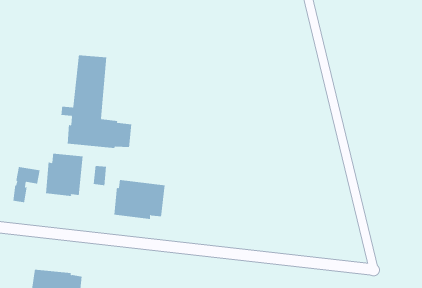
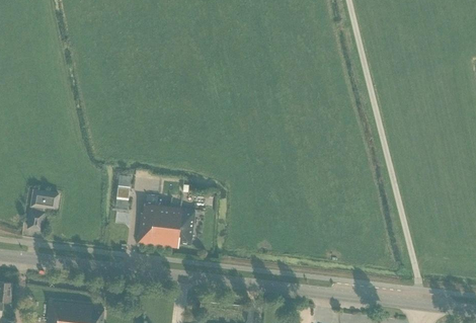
building: [61,54,132,149] -> none
building: [45,153,83,197] -> none

